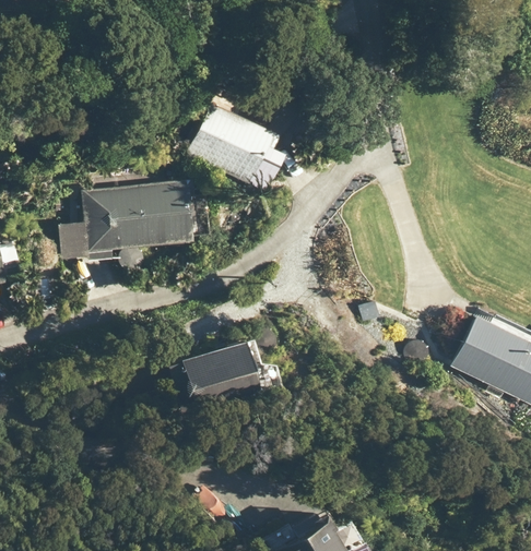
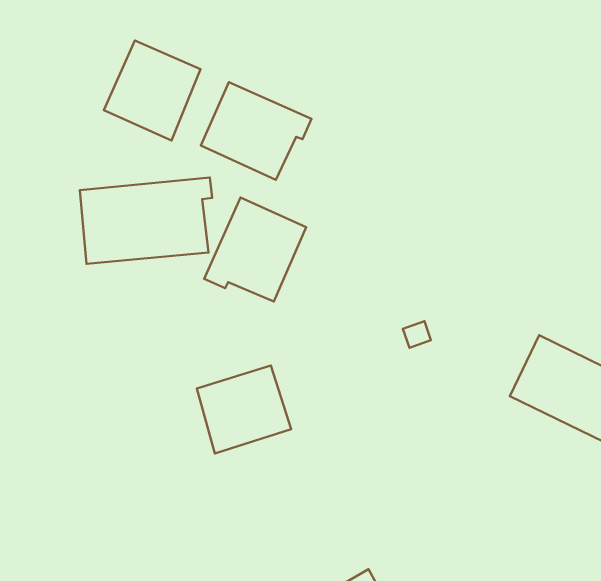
building: none -> [104,41,201,140]
building: none -> [204,197,306,302]

